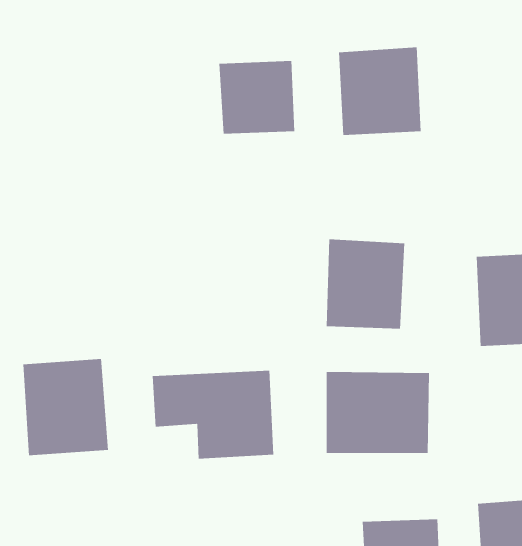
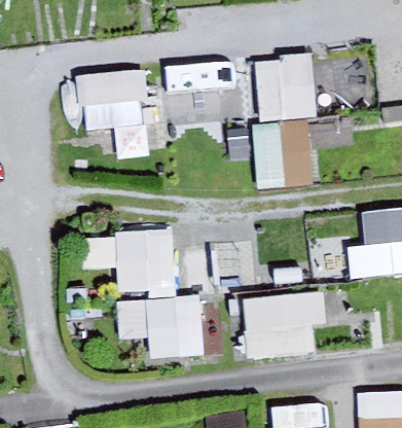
building: none -> [80,68,149,133]
building: [326,239,405,329] -> [254,120,313,187]
building: [23,359,109,456] -> [115,223,179,295]

